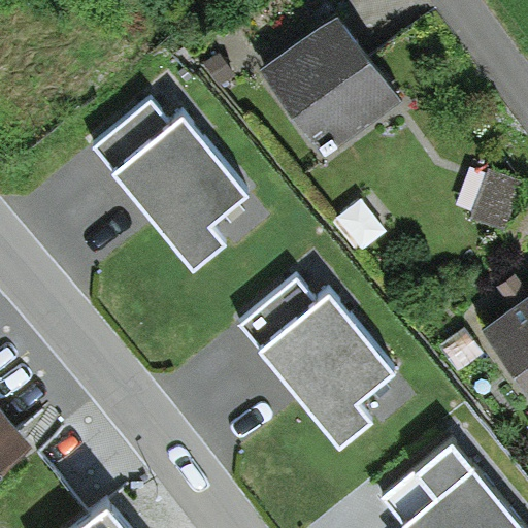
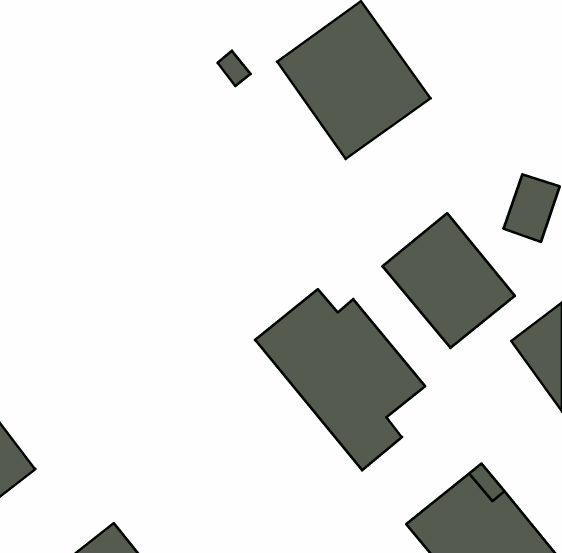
building: [92,100,250,269] -> none
building: none -> [382,213,515,348]

